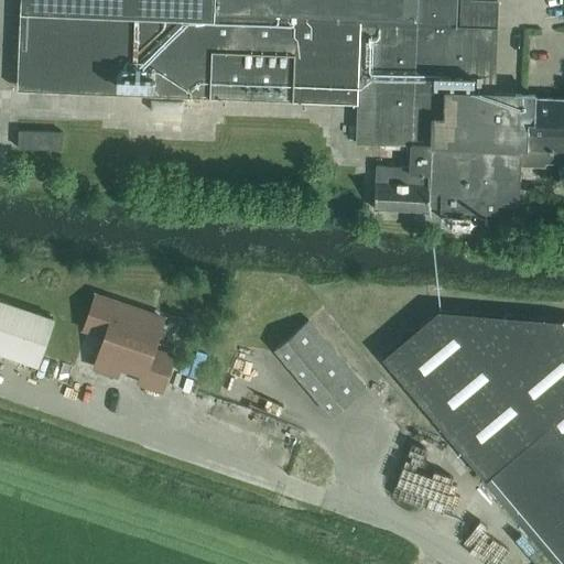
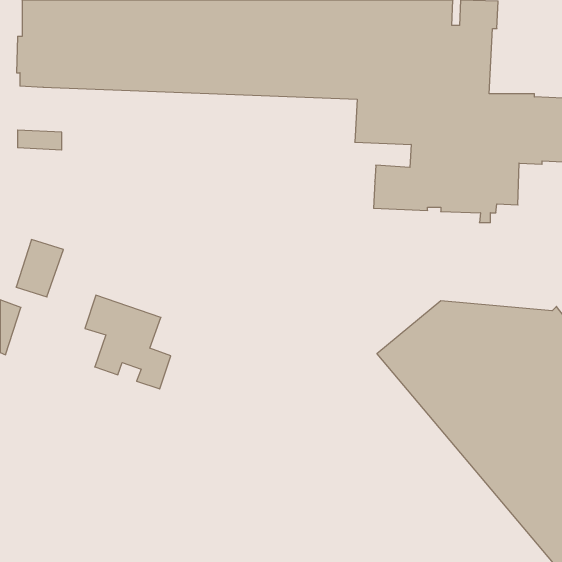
building: [7,308,54,366] -> [16,240,63,297]
building: [274,321,366,416] -> none

